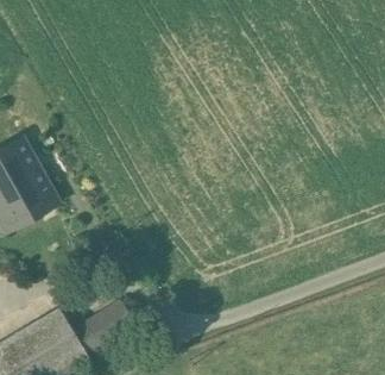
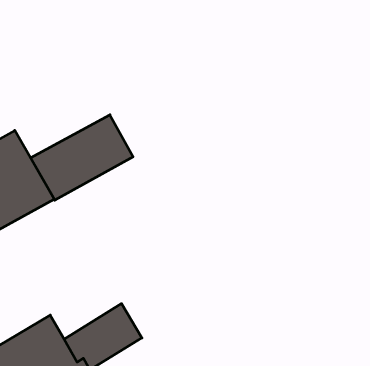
building: none -> [31,115,133,200]

